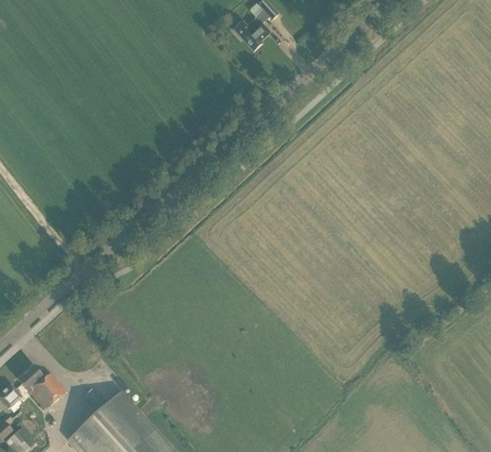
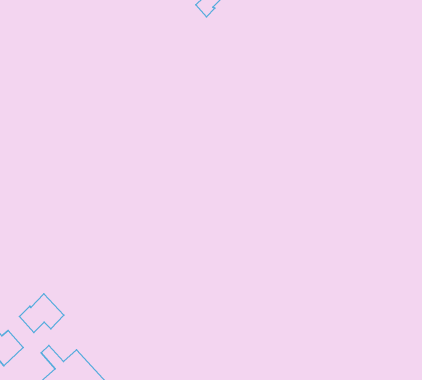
building: none -> [19,294,64,332]

